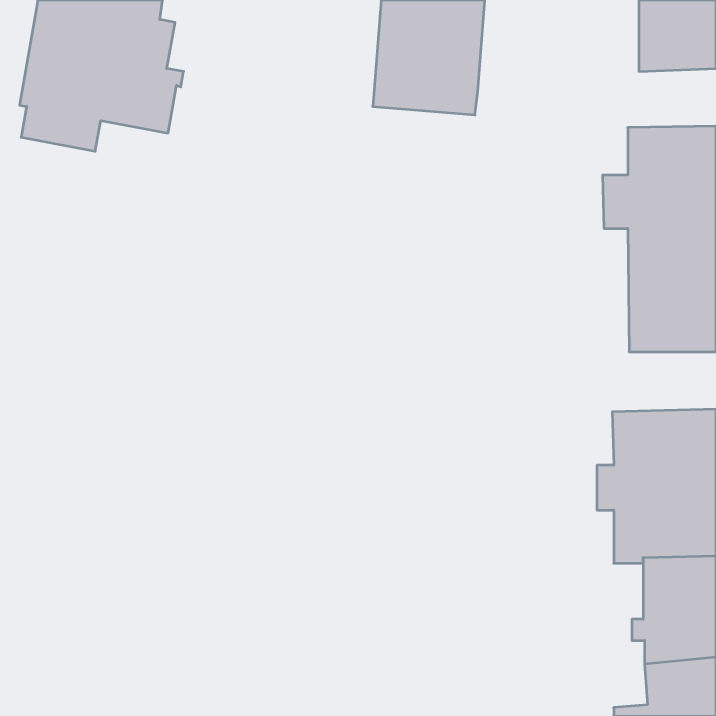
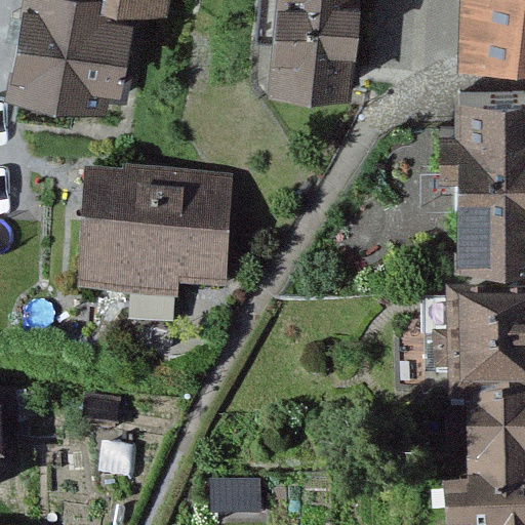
building: none -> [84,183,228,290]

